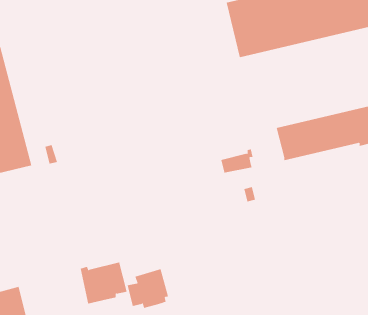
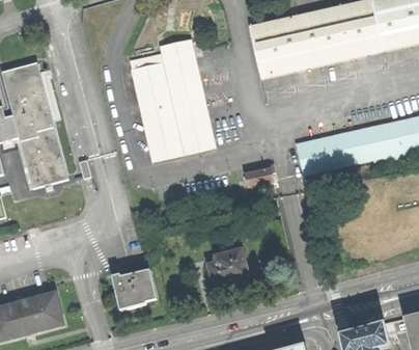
building: none -> [131,48,215,161]
building: [127,269,169,309] -> [208,248,248,286]

